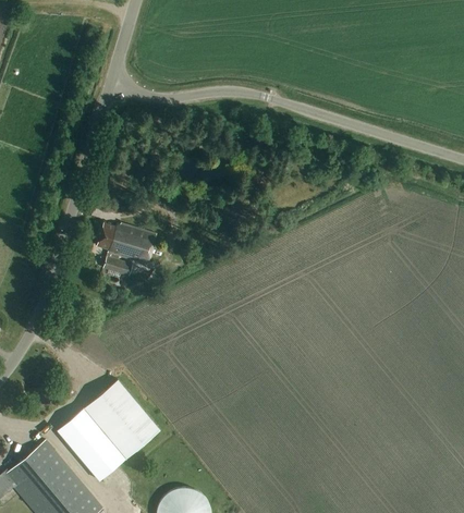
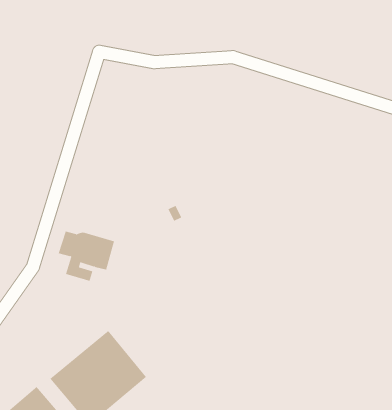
building: [95,222,155,276] -> [58,231,115,282]

